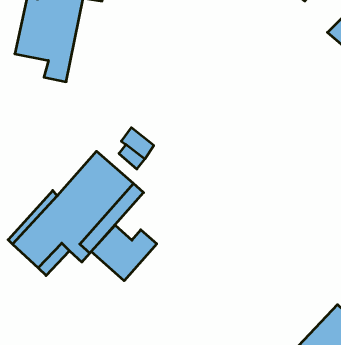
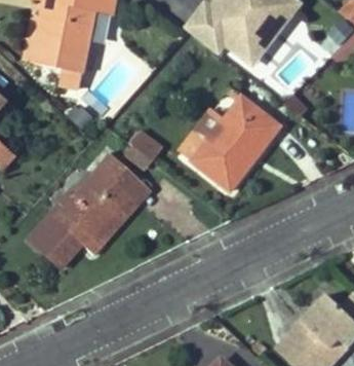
building: none -> [180,98,280,191]
building: [91,225,157,281] -> none

